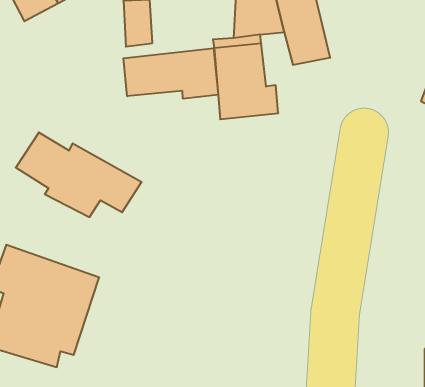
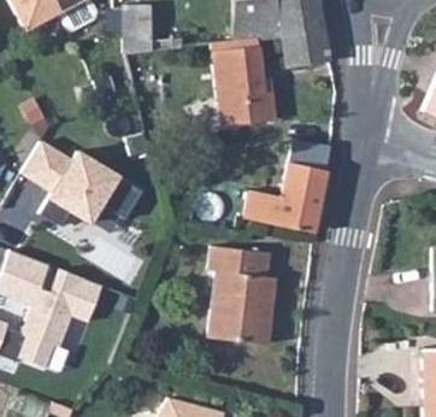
building: [123,48,218,99] -> none
building: none -> [247,165,330,234]
building: none -> [207,247,275,340]

